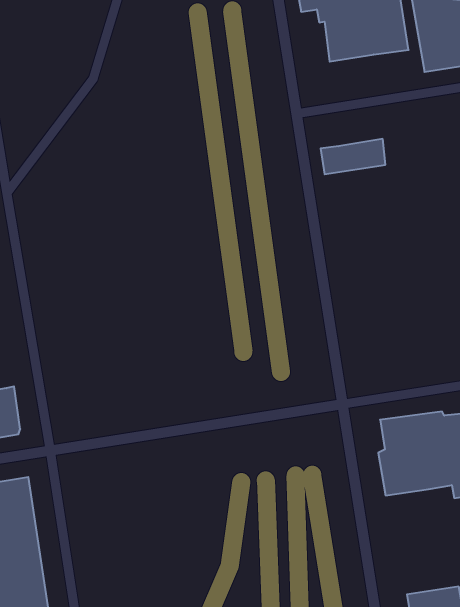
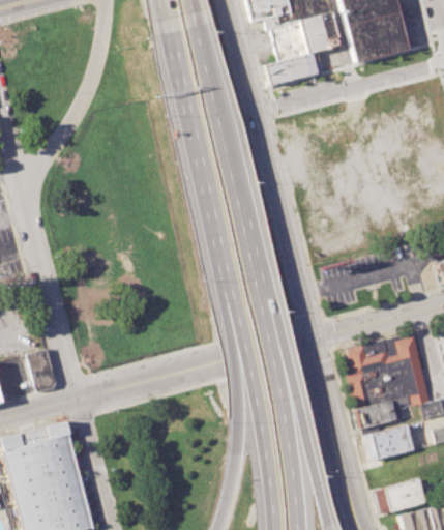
building: [321,139,385,174] -> [265,52,319,85]
building: none -> [357,401,397,429]
building: none -> [364,425,414,461]

